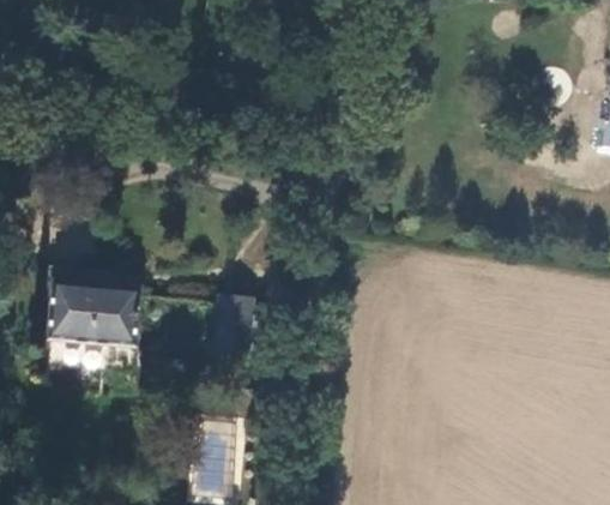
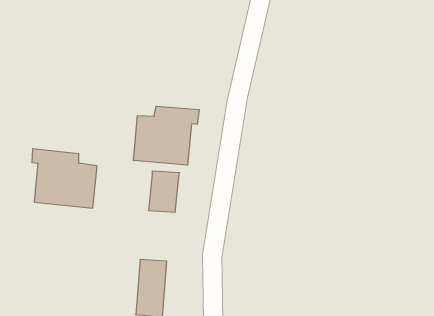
building: none -> [133,106,199,165]

